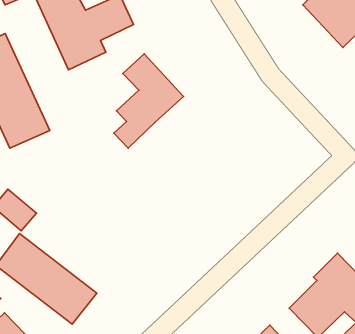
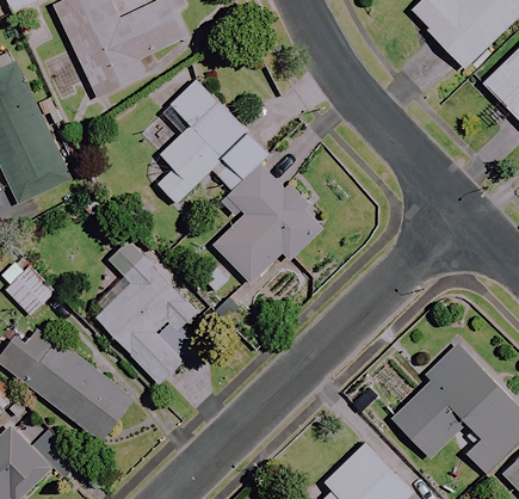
building: none -> [199,134,322,292]
building: none -> [94,253,199,383]

